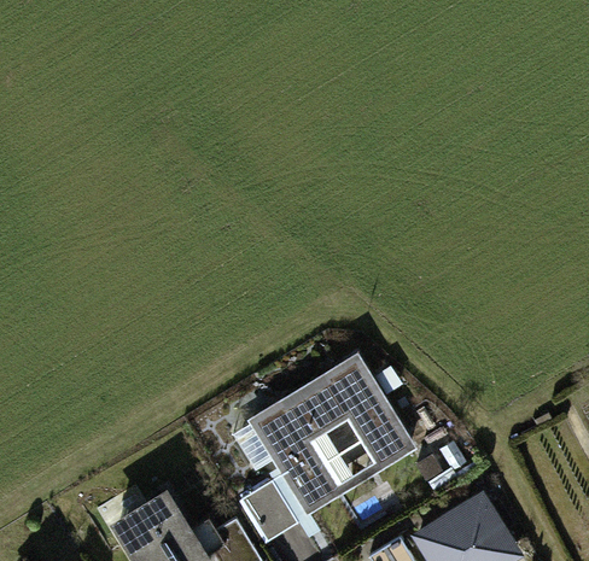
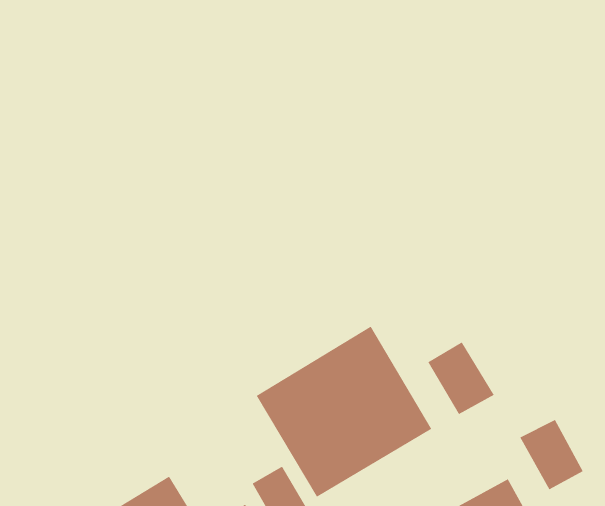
building: none -> [428,341,494,415]
building: none -> [520,419,583,490]

